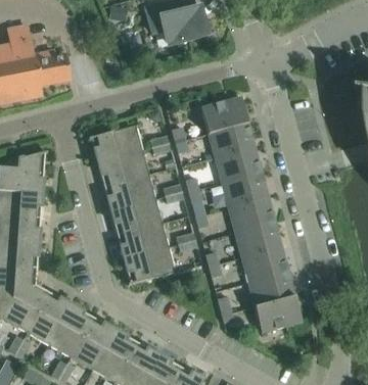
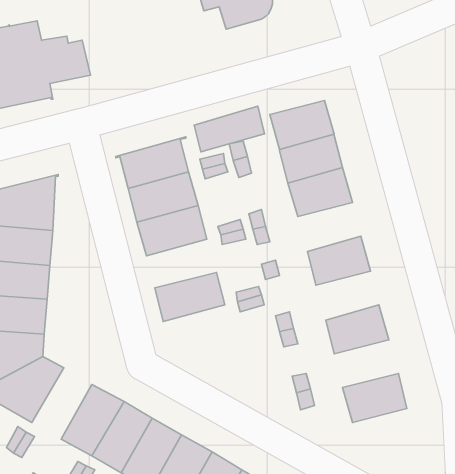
building: none -> [194,106,264,152]
building: [221,172,267,207] -> none
building: [110,198,162,234] -> none
building: [234,222,280,257] -> none
building: [123,246,179,284] -> none
building: [247,272,294,306] -> none
building: [27,292,71,344] -> none

